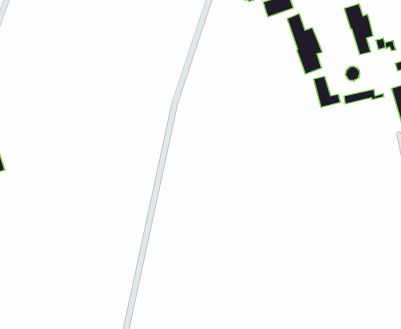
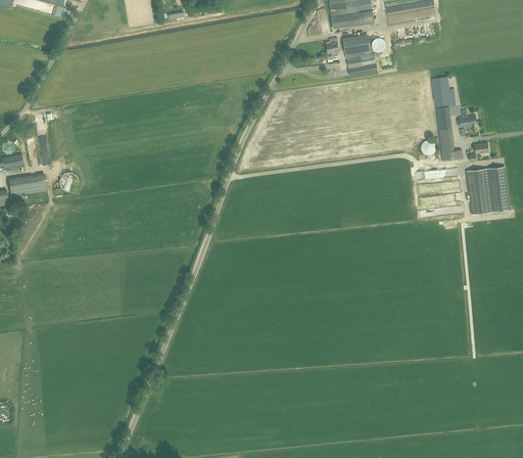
building: [287,14,322,74] -> none
building: [313,76,341,107] -> [438,128,463,159]

